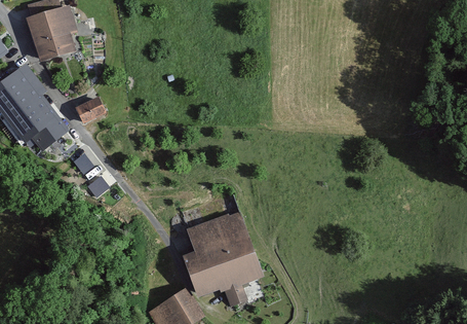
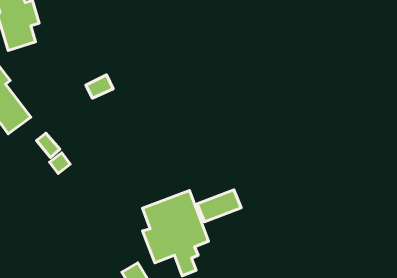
building: [76,97,106,122] -> [86,75,113,98]
building: none -> [197,190,241,222]

